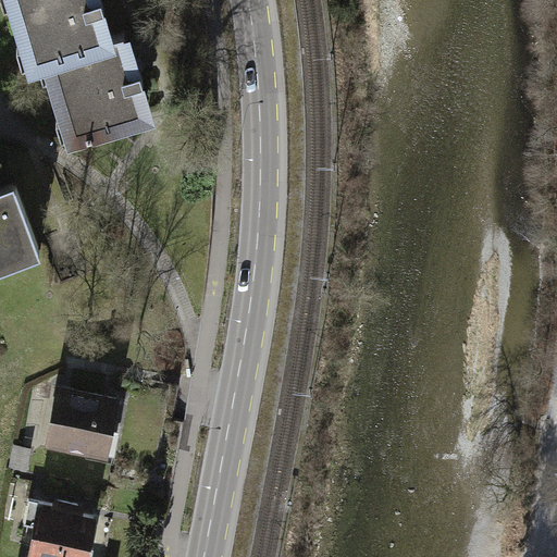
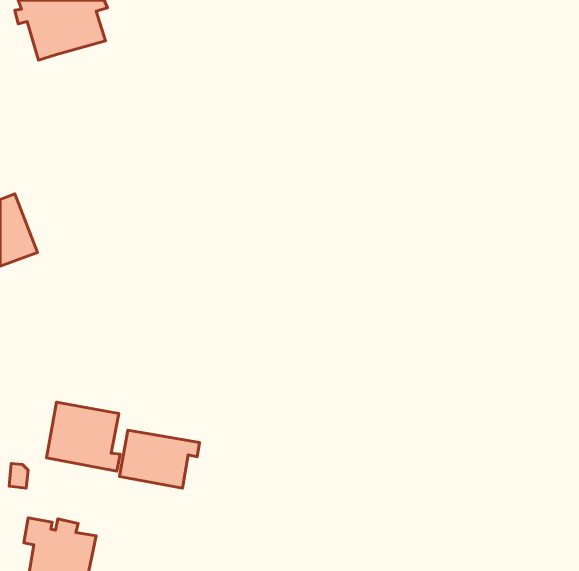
building: [53,41,141,144] -> none
building: none -> [119,430,199,488]

